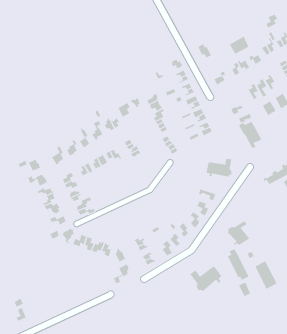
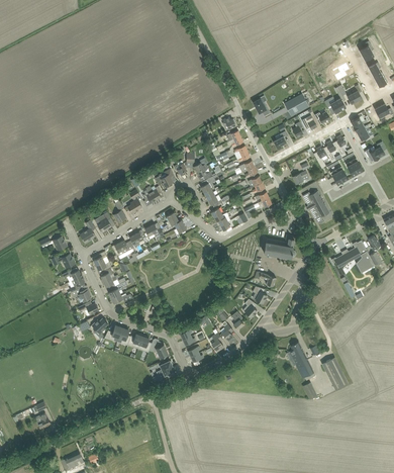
building: [227,220,250,246] -> none
building: [190,265,222,292] -> none

